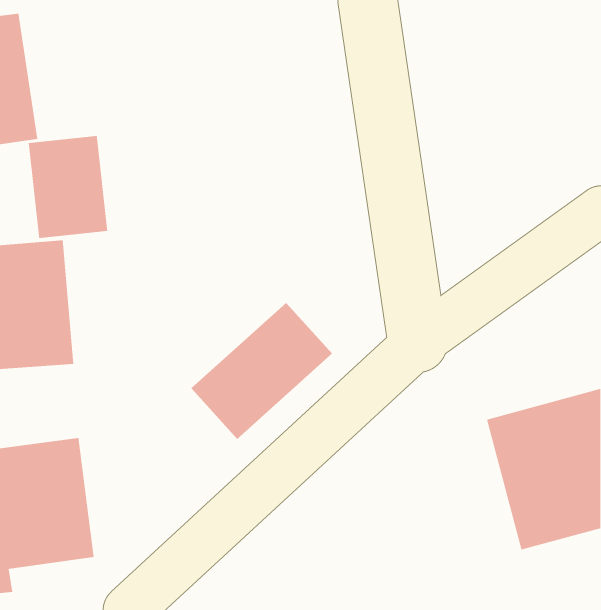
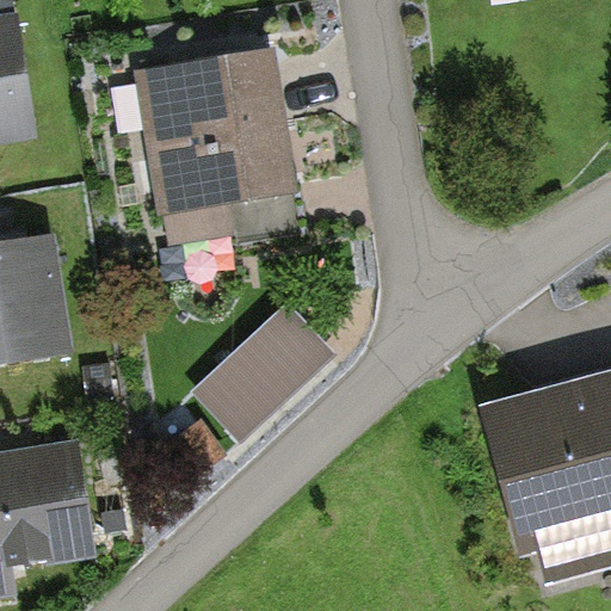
building: none -> [140,58,292,241]
building: [28,135,108,239] -> none

